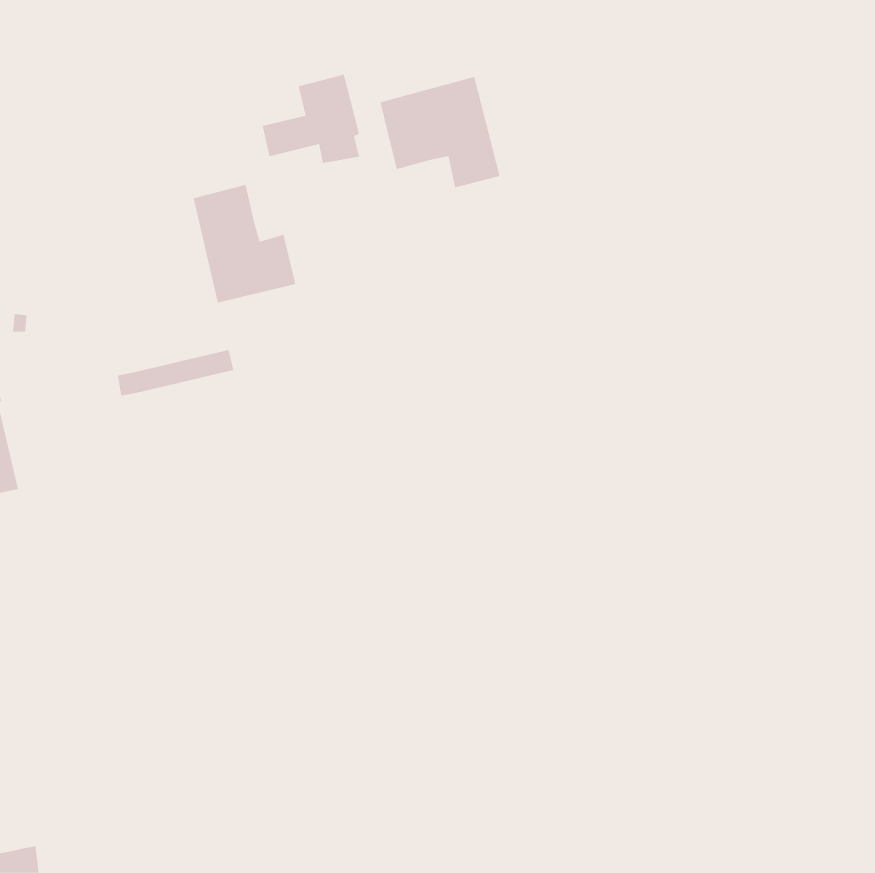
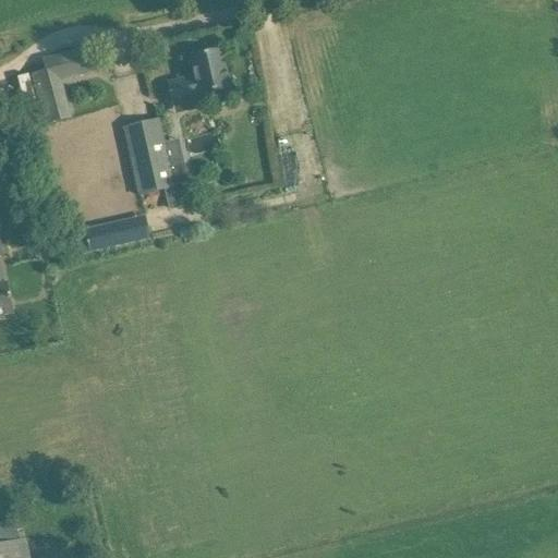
building: none -> [32,46,96,122]
building: [380,76,500,188] -> none

